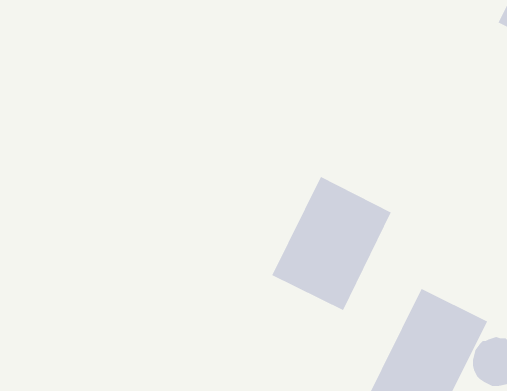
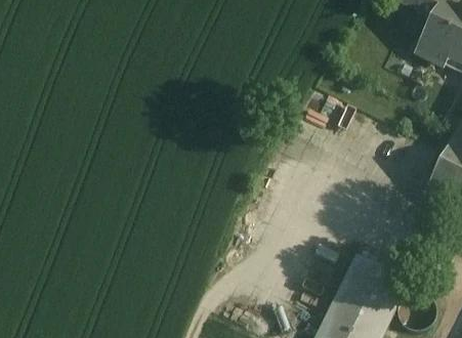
building: [271,176,392,311] -> none

